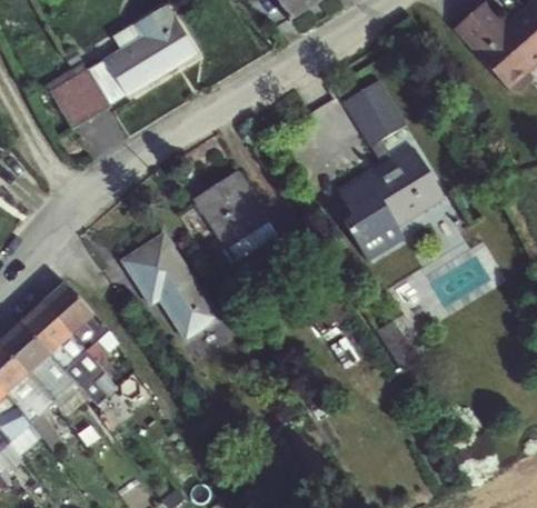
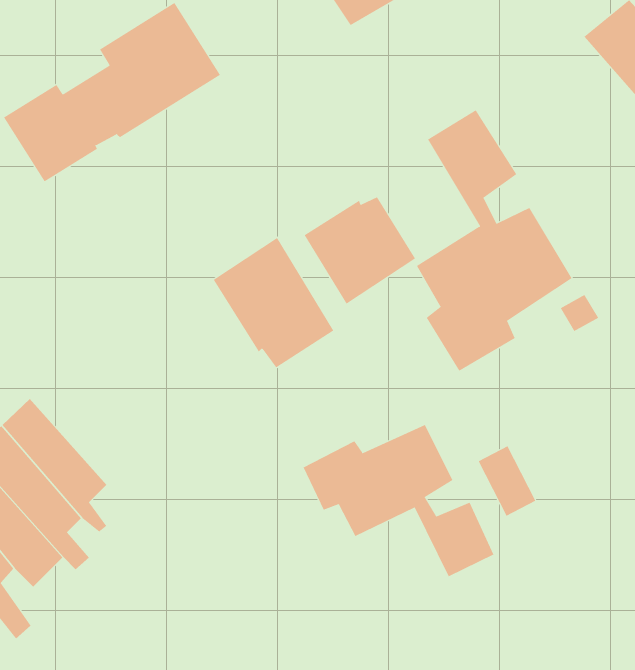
building: none -> [304,196,416,305]
building: [119,230,221,341] -> none
building: none -> [303,424,494,577]

